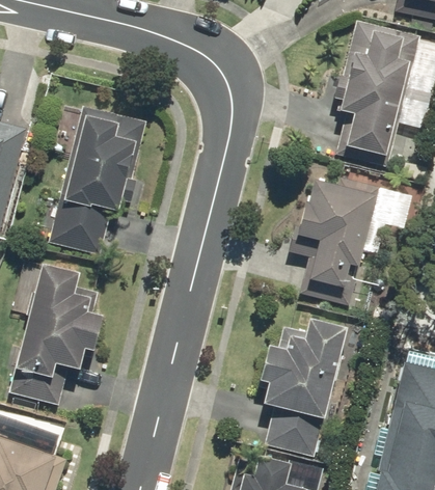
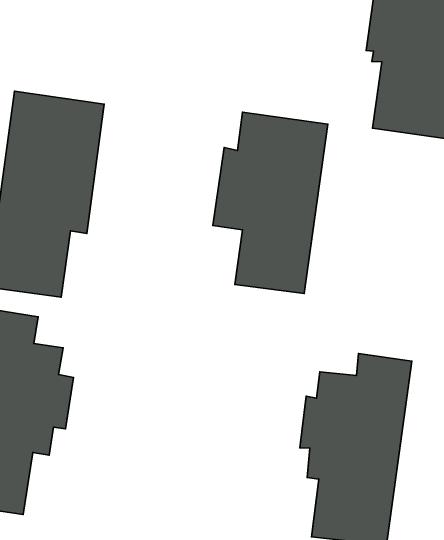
building: [289,174,378,308] -> [213,112,328,294]

